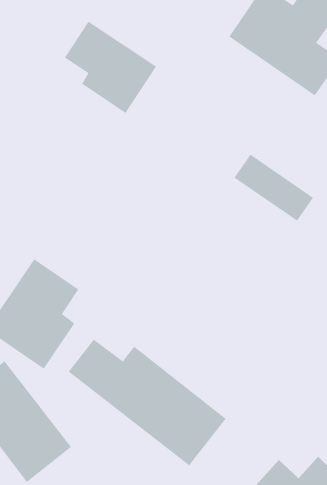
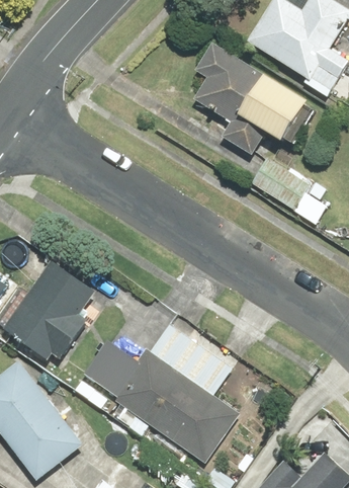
building: [64,21,157,114] -> none
building: none -> [187,33,325,161]

